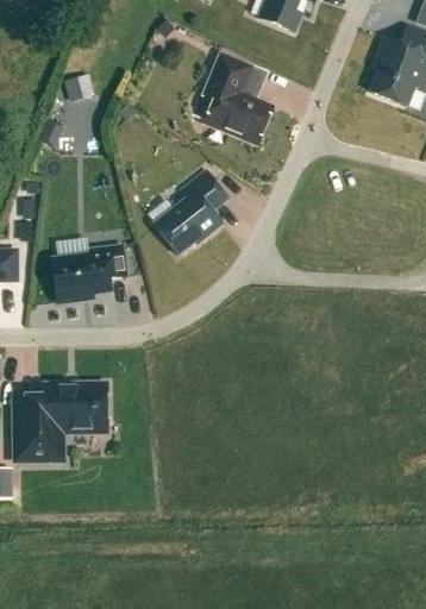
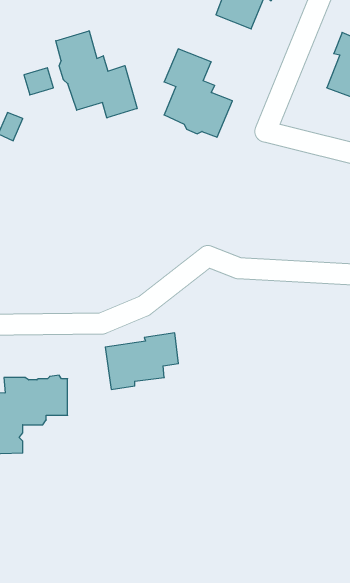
building: none -> [56,31,137,118]
building: [154,170,227,255] -> none
building: [51,245,125,302] -> [105,333,178,389]

